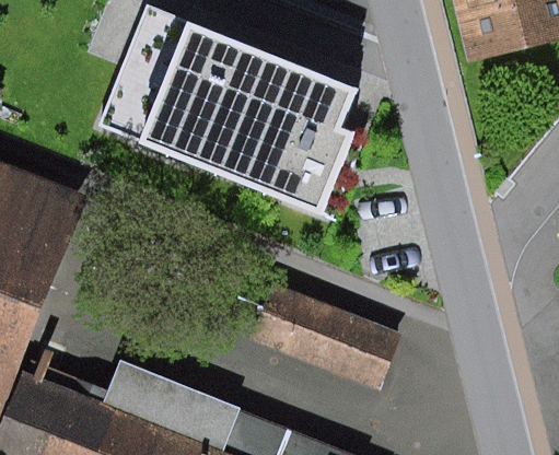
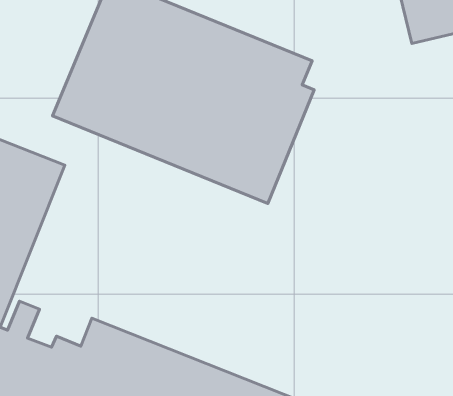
building: [249,281,401,390] -> none

